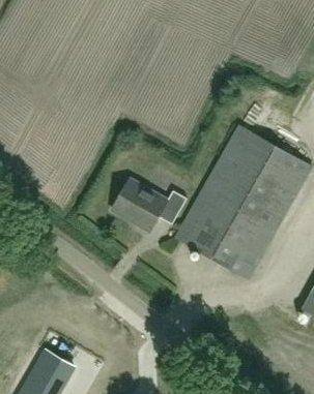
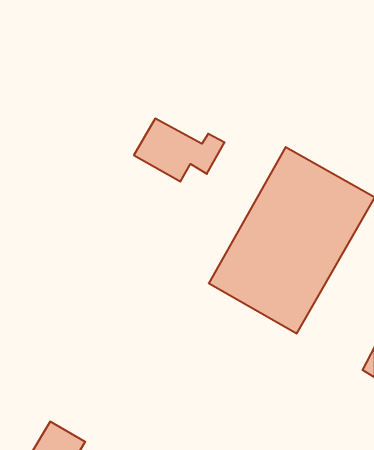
building: [112,179,187,231] -> [134,119,225,182]

